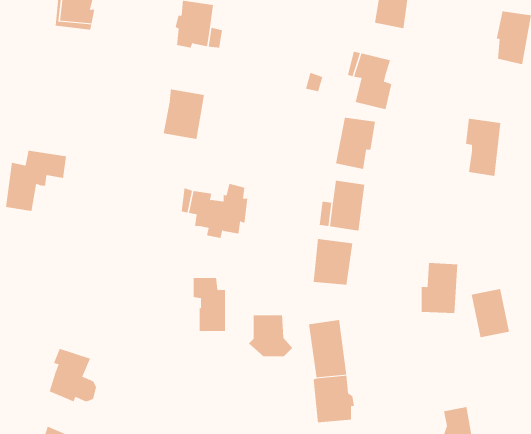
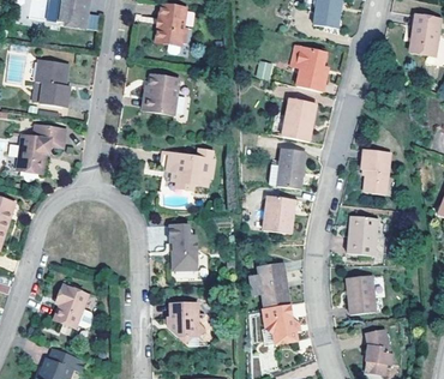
building: none -> [35,60,71,106]
building: [465,118,501,177] -> [365,148,394,194]
building: [471,288,510,338] -> [350,273,382,313]
building: [248,315,293,357] -> [168,302,204,336]

